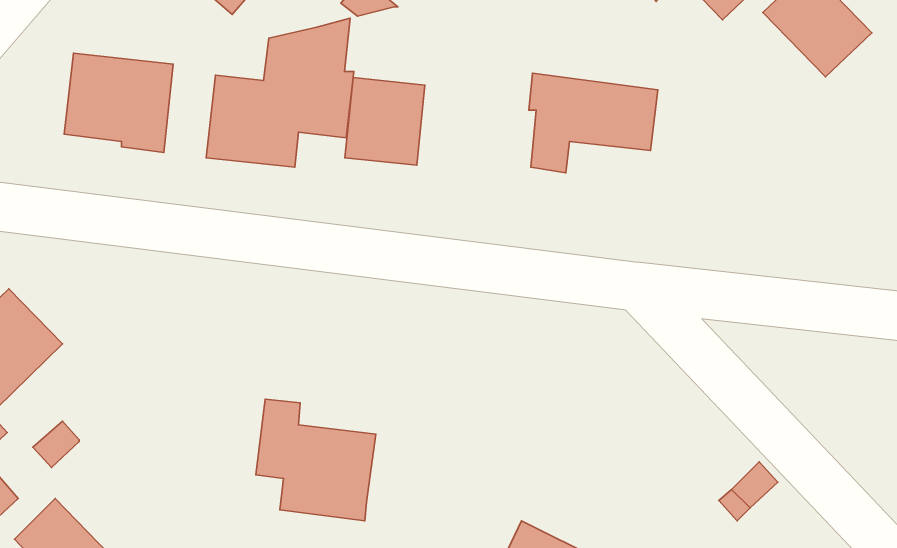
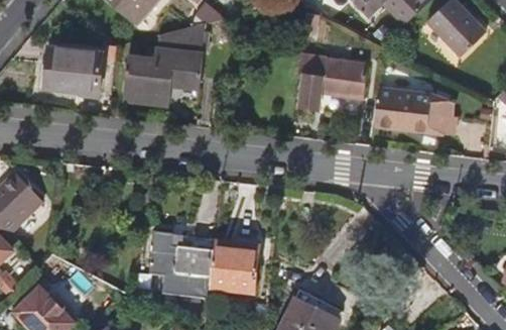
building: [345,78,425,165] -> none
building: none -> [372,87,456,134]
building: none -> [209,246,258,295]

